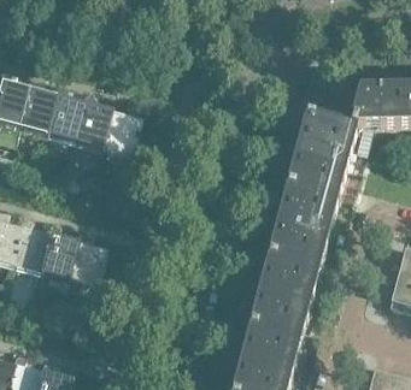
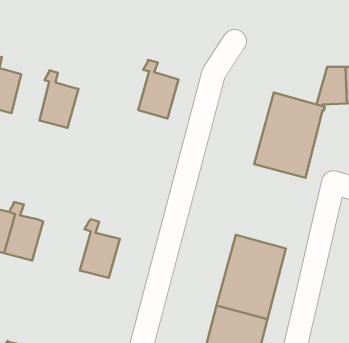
building: [47,85,84,142] -> none
building: [102,100,142,158] -> [138,60,178,119]
building: [269,185,337,268] -> none
building: [67,230,107,288] -> [80,219,120,278]

